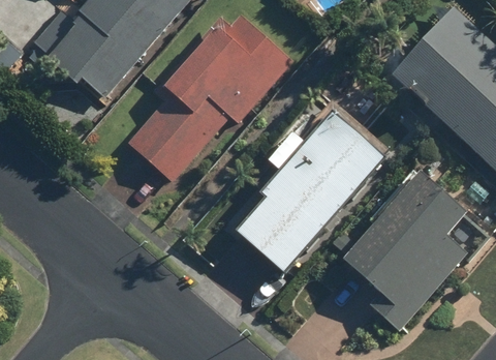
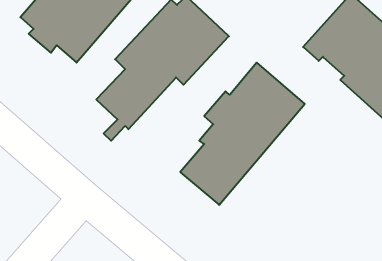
building: [334,168,470,334] -> none

